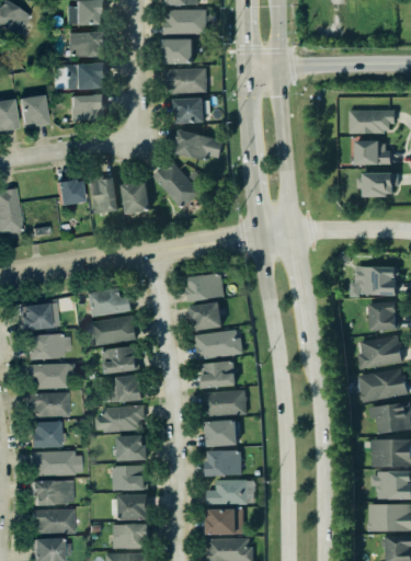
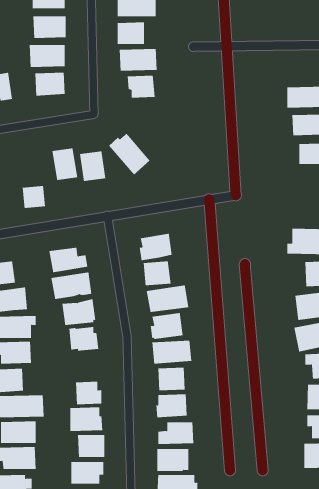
building: [175,130,224,161] -> none
building: [57,179,83,204] -> [22,186,46,208]
building: [95,405,145,432] -> none

